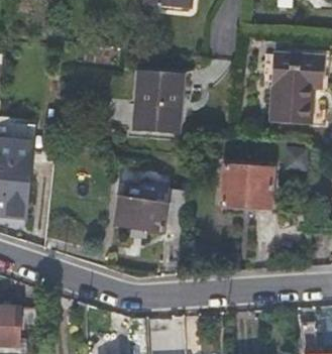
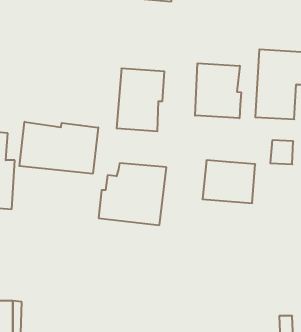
building: none -> [195,63,241,118]
building: none -> [19,122,98,174]

